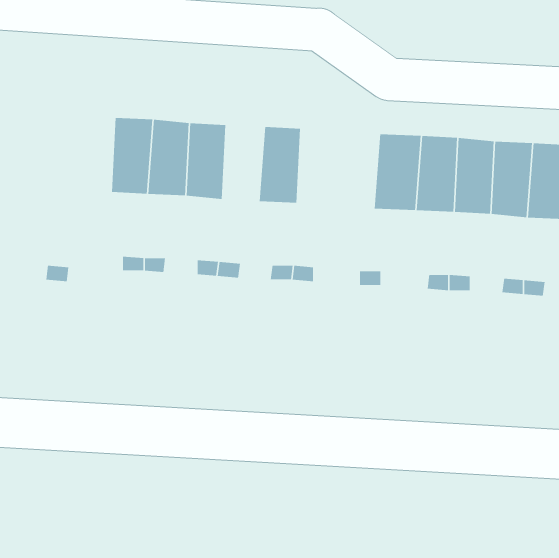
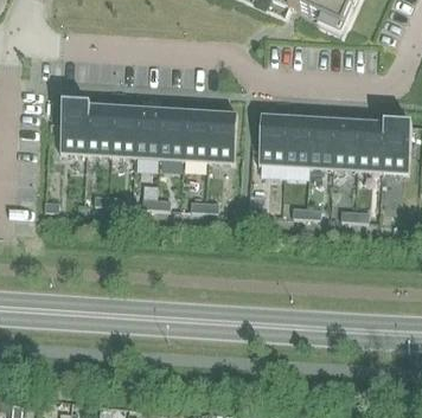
building: none -> [59,104,89,154]
building: none -> [159,110,186,160]
building: none -> [207,112,237,162]

